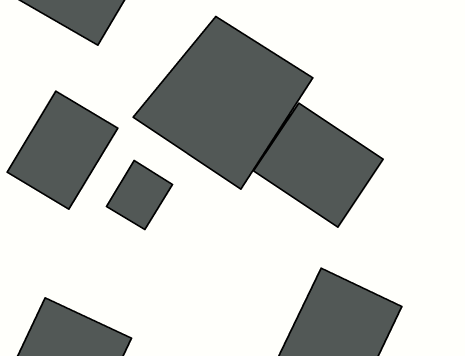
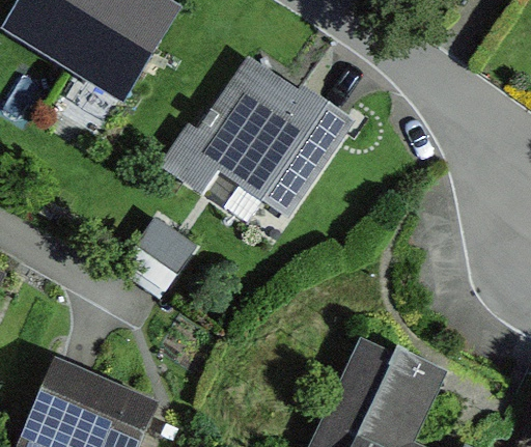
building: [7,91,118,209] -> none
building: [254,103,383,227] -> none

